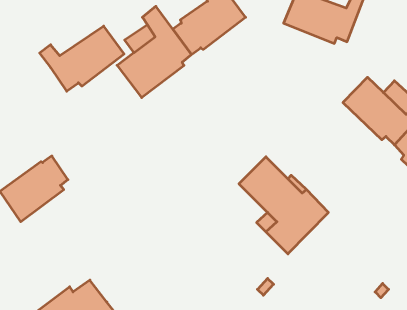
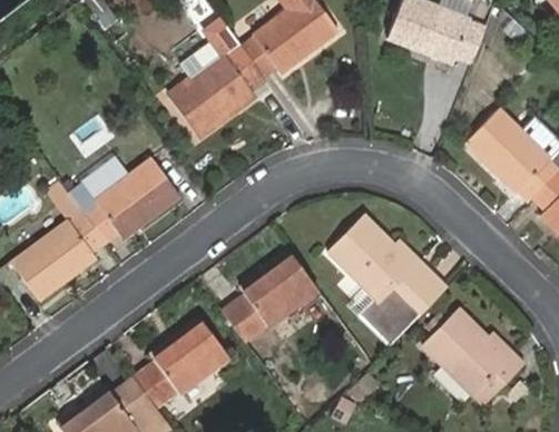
building: [40,26,124,91] -> [68,159,179,245]
building: none -> [223,251,320,342]
building: none -> [423,310,524,403]
building: none -> [133,317,226,406]

